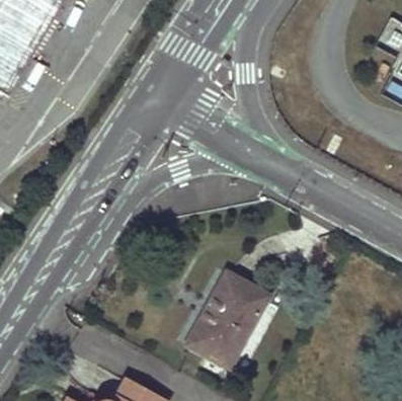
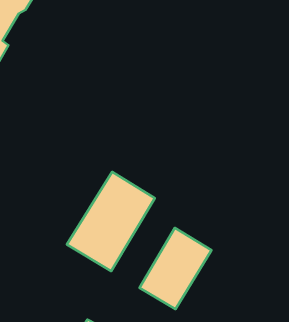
building: none -> [67,172,155,271]

